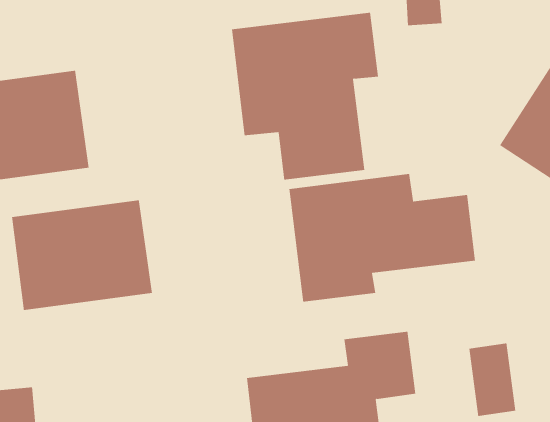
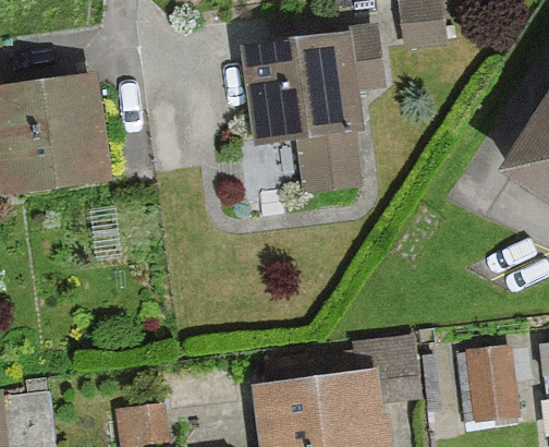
building: [289,173,475,303] -> none
building: [12,200,152,311] -> none

